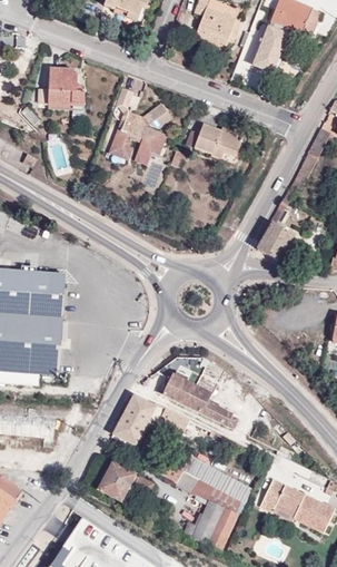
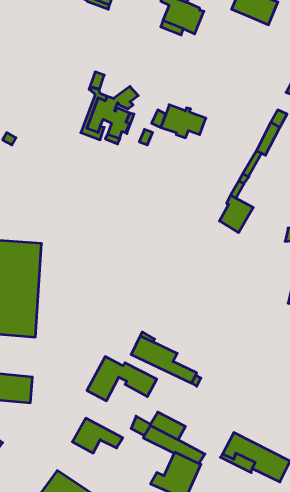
building: [252,19,289,70] -> none
building: [38,67,83,106] -> none
building: [212,471,254,504] -> none

